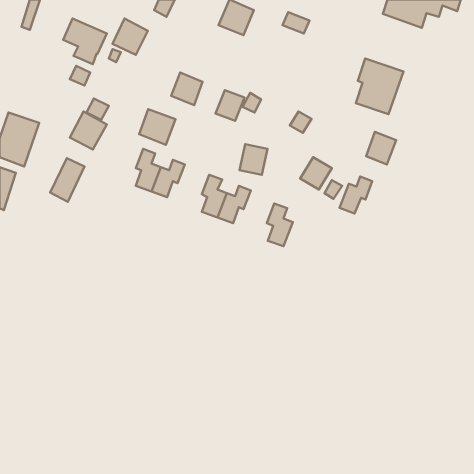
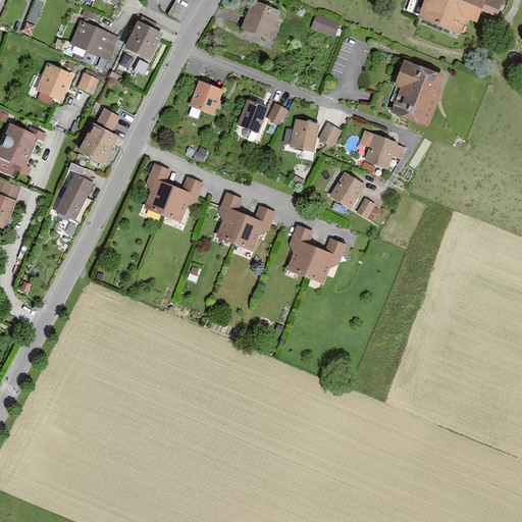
building: none -> [34,65,70,102]
building: [139,109,176,145] -> none
building: [366,132,396,164] -> [364,134,397,169]
building: [240,144,267,175] -> [289,118,319,152]
building: [340,176,372,214] -> [311,236,347,276]

